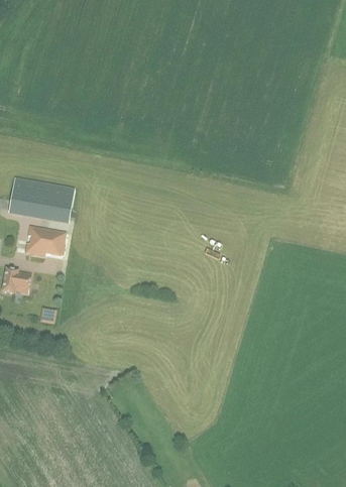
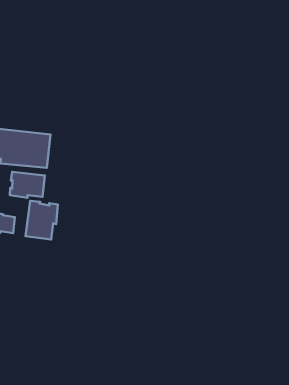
building: none -> [26,201,58,239]

